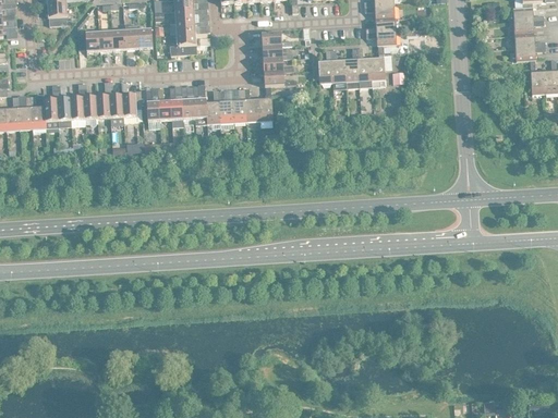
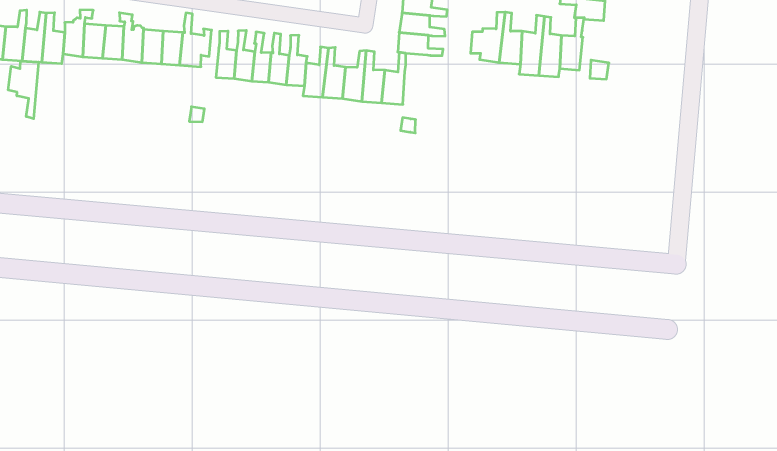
building: none -> [8,61,38,119]

